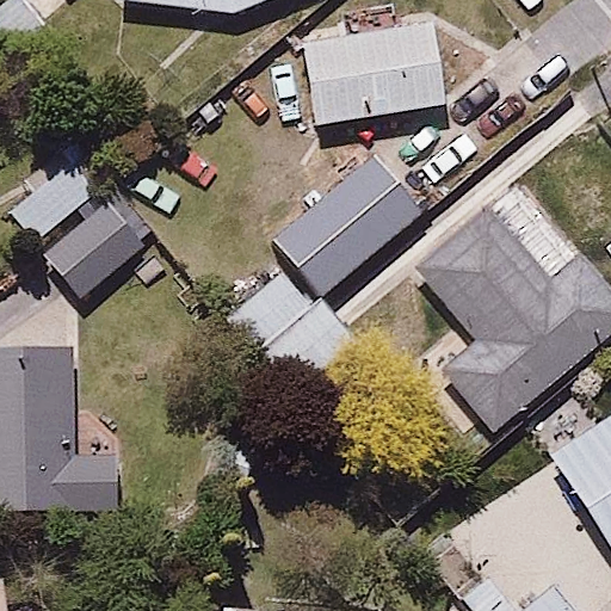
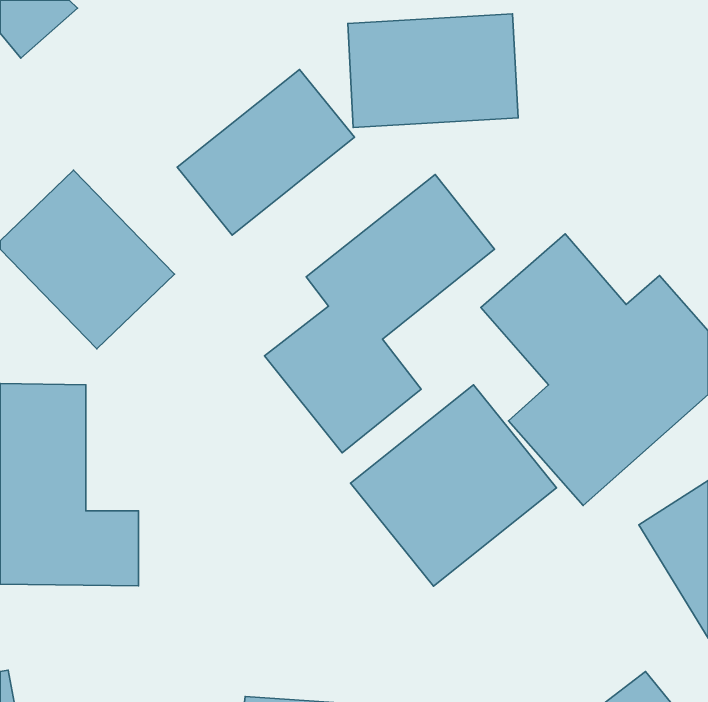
building: none -> [177,70,354,235]
building: none -> [350,385,557,586]

